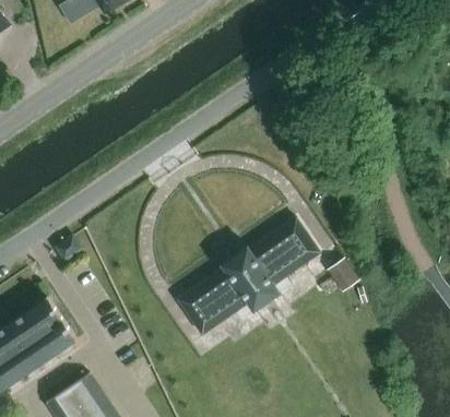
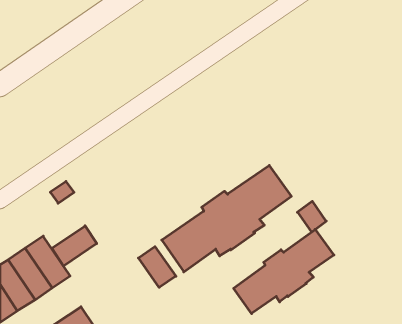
building: none -> [52,226,97,266]
building: none -> [234,229,334,314]
building: none -> [138,247,176,287]

